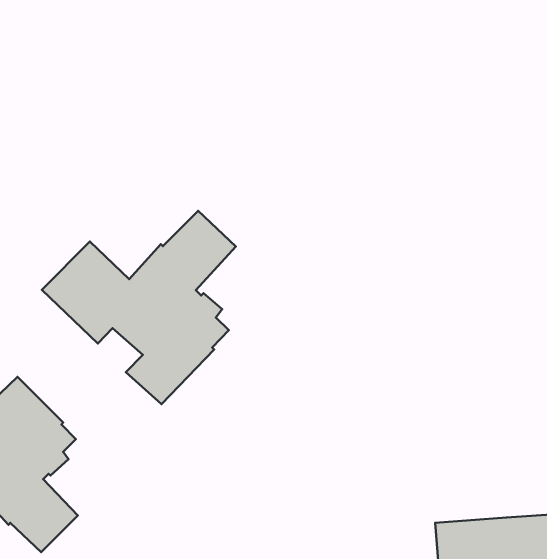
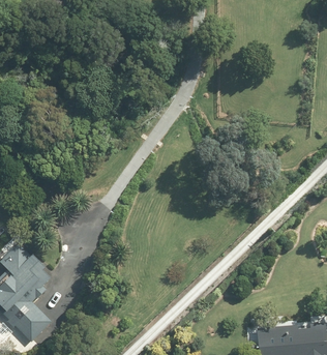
building: [42,211,236,404] -> none

